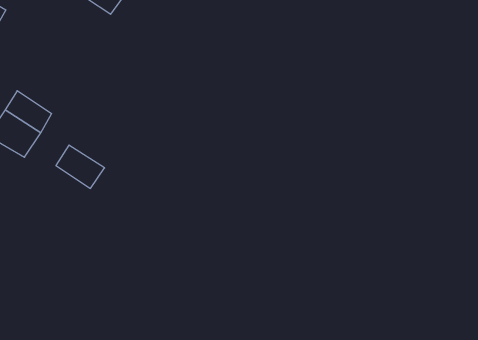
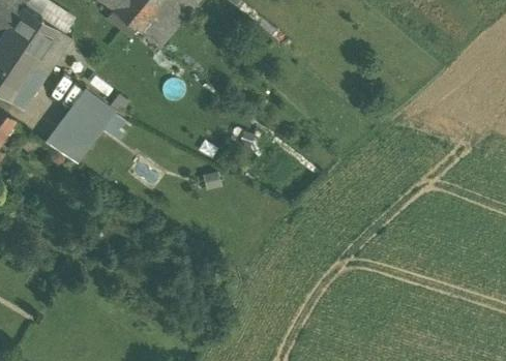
building: [56,145,105,188] -> [75,90,116,128]

